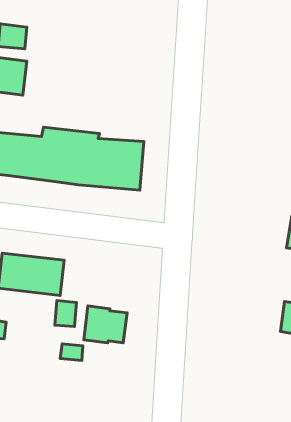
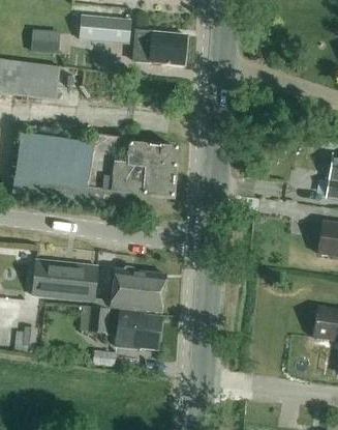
building: none -> [79,16,130,44]
building: none -> [132,30,186,65]
building: none -> [109,268,164,313]

